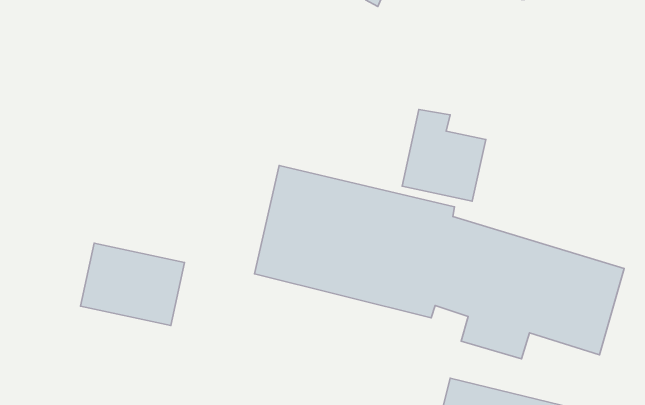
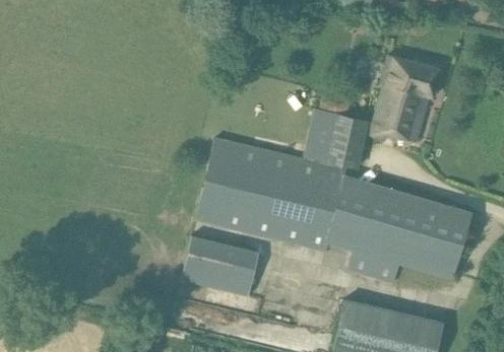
building: none -> [370,56,441,141]
building: [81,243,185,326] -> [182,234,259,295]

